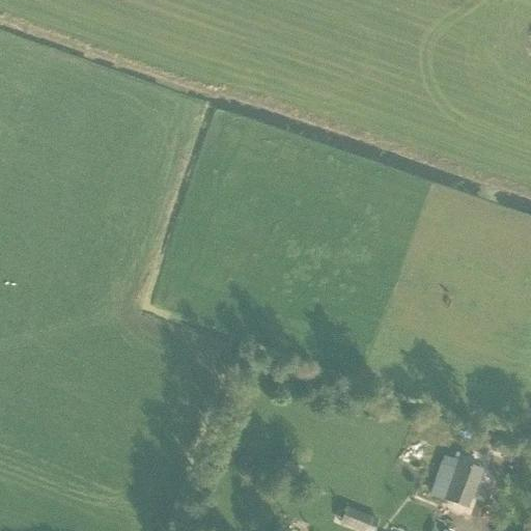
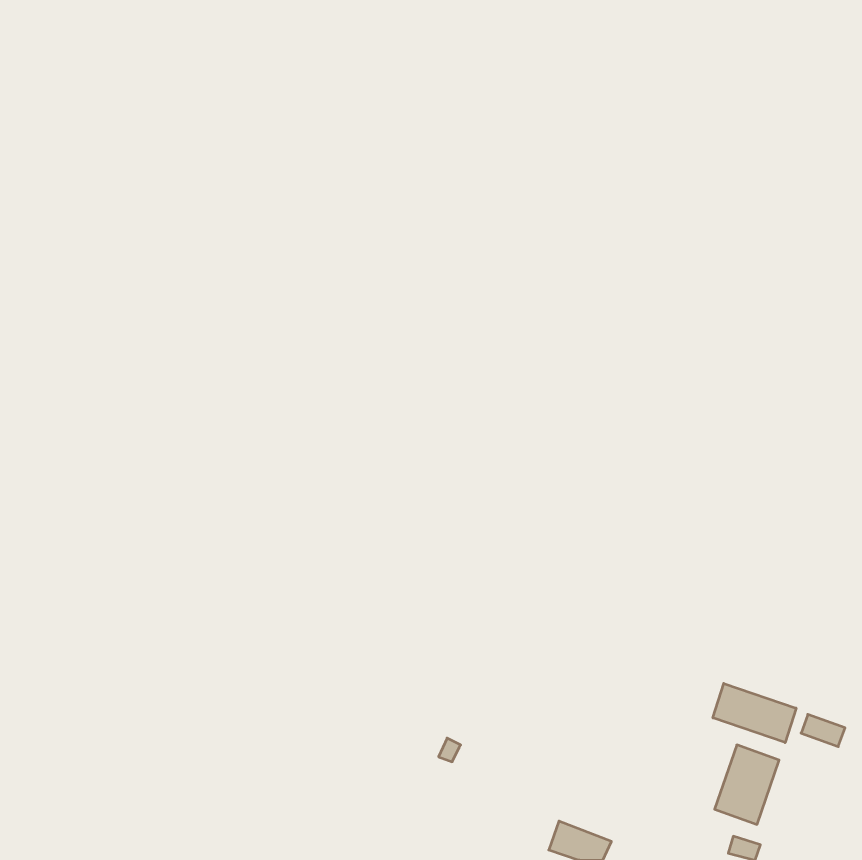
building: none -> [713,683,796,743]

